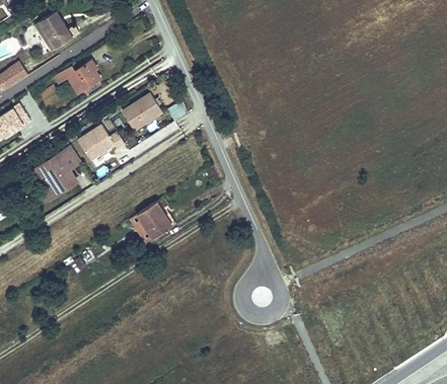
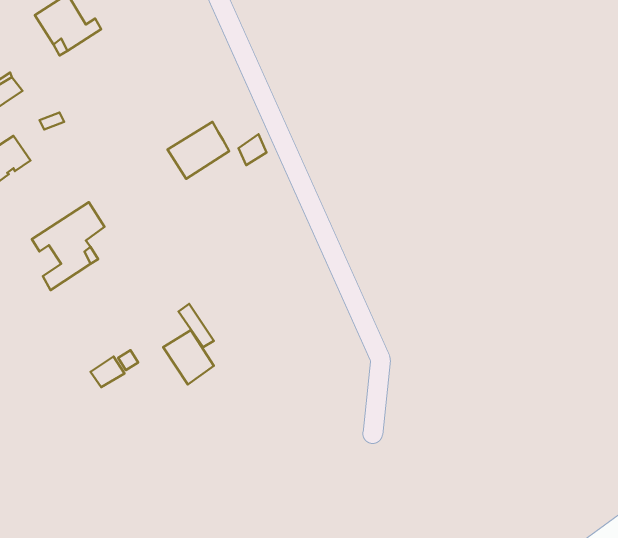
building: [55,62,97,91] -> none
building: [77,126,124,160] -> none
building: [136,202,169,237] -> [163,330,214,384]

